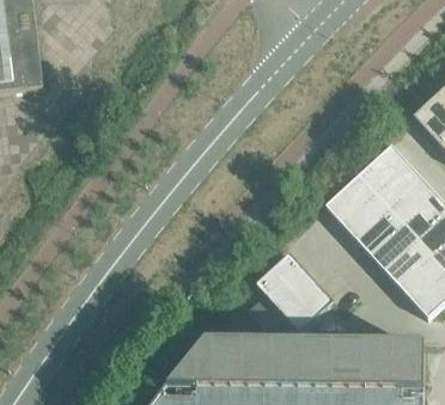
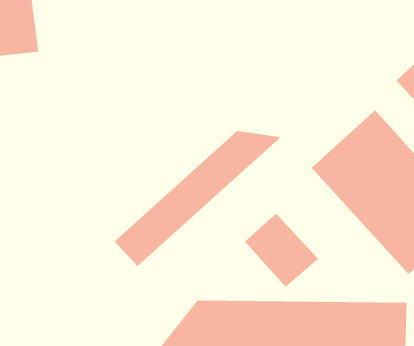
building: none -> [114,130,282,267]

